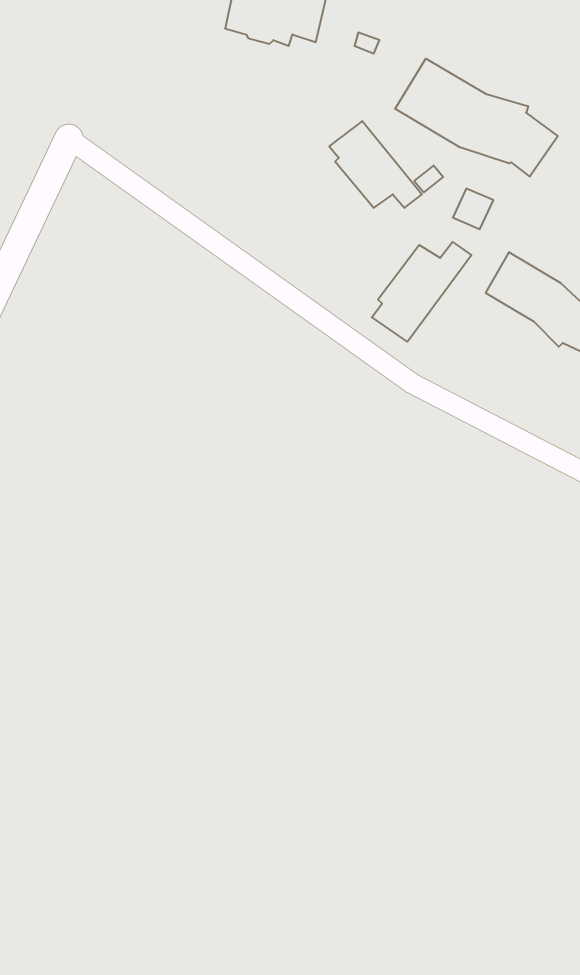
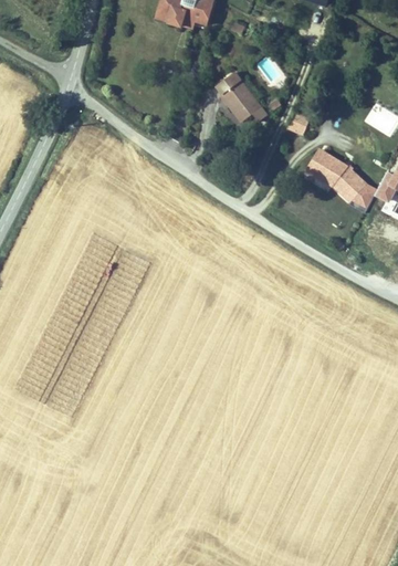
building: [395,59,558,177] -> none
building: [372,242,471,342] -> none

